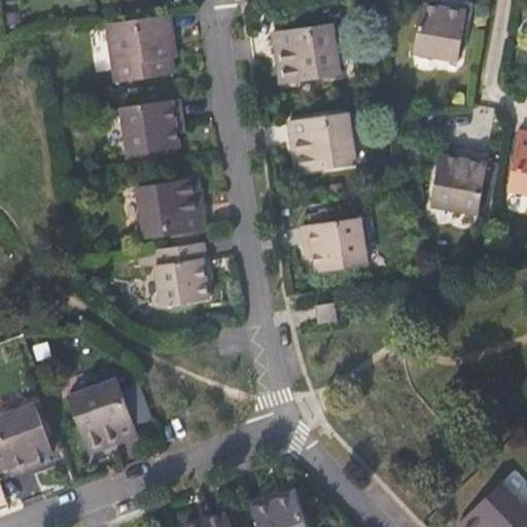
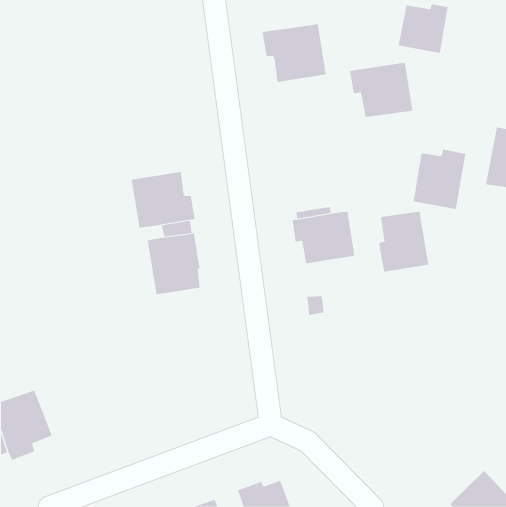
building: [104,11,172,74] -> none
building: [120,97,183,152] -> none
building: [290,116,357,174] -> [349,62,414,118]
building: none -> [378,211,429,272]
building: [72,382,141,448] -> none

